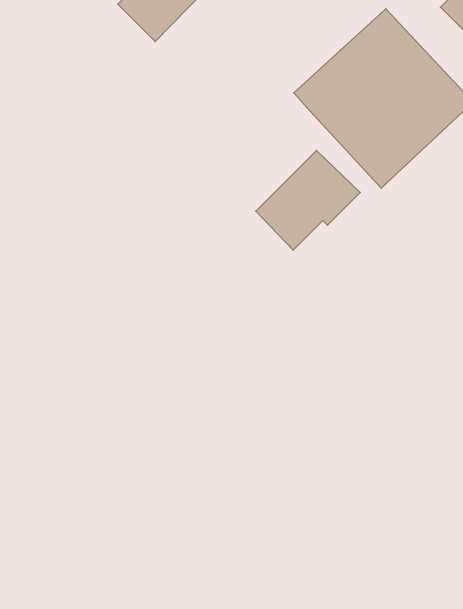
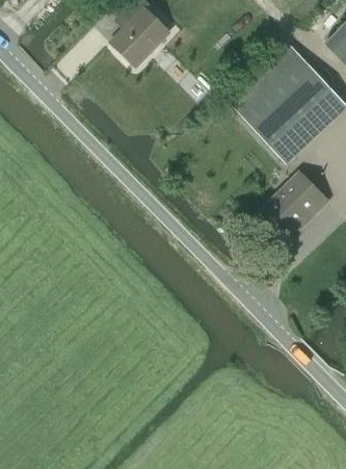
building: [256,150,360,250] -> [258,172,327,238]

